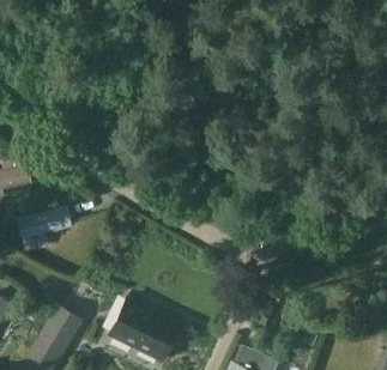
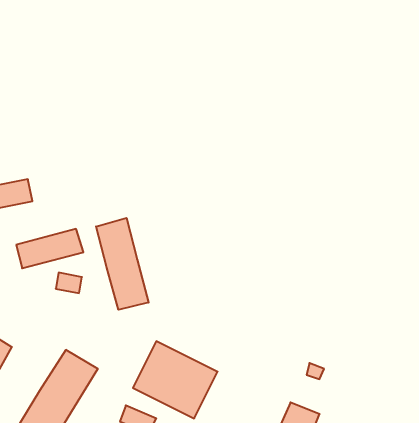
building: none -> [96,218,149,310]

